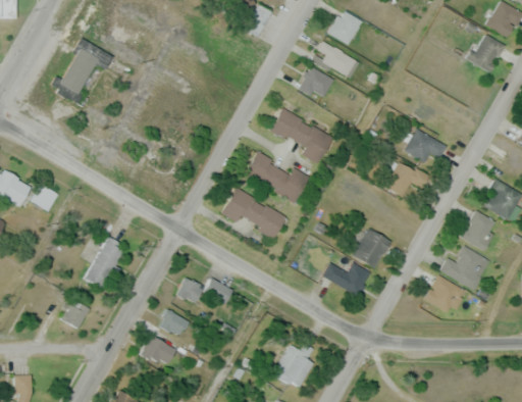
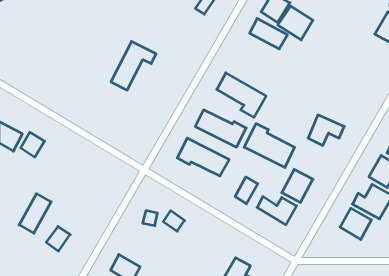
building: none -> [278,6,313,40]
building: [56,41,112,101] -> [111,41,156,90]
building: [298,67,333,100] -> none
building: [403,130,447,163] -> none
building: none -> [244,124,294,168]
building: [86,238,125,287] -> [19,194,51,233]
building: none -> [235,177,258,204]
building: [158,310,187,337] -> none

